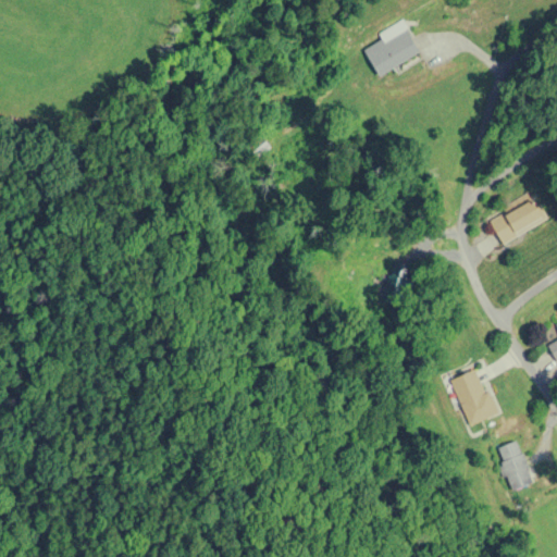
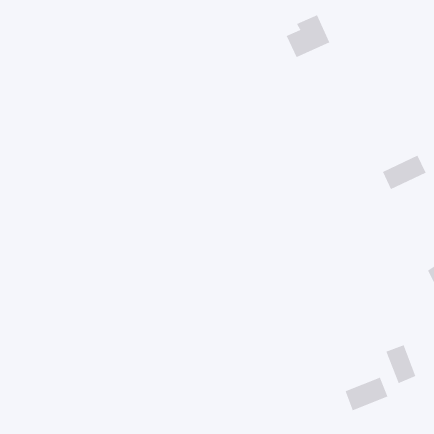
building: [451,370,498,428] -> none
building: none -> [345,377,388,411]

